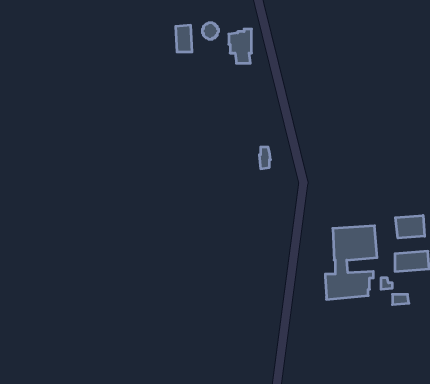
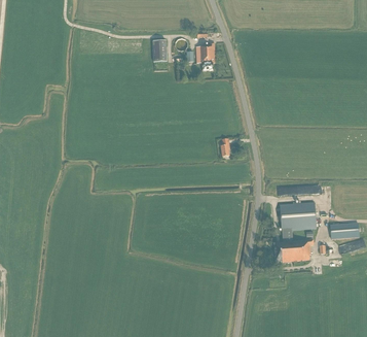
building: [395,215,425,238] -> none

